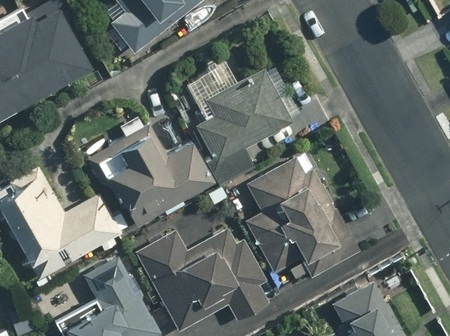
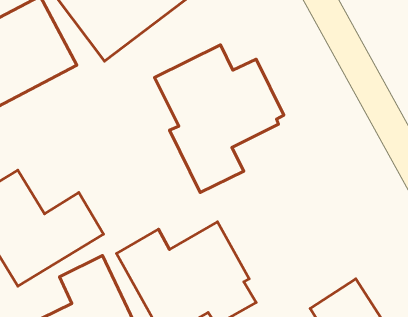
building: [84,117,216,236] -> none
building: [244,153,362,290] -> none

